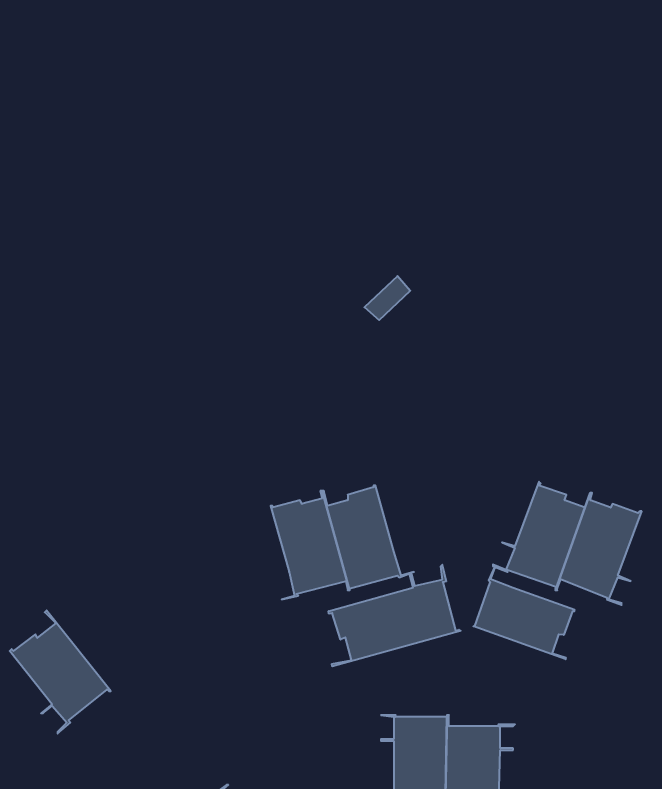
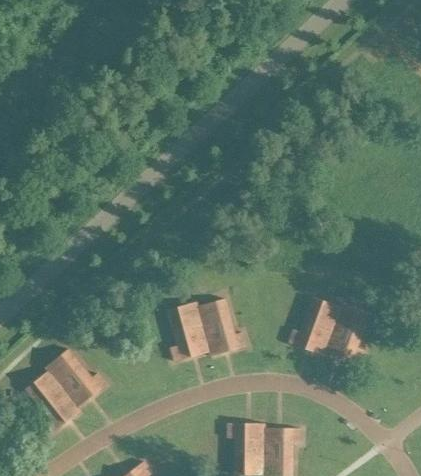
building: [329,565,461,666] -> none
building: [473,567,574,659] -> none
building: none -> [45,349,105,411]

